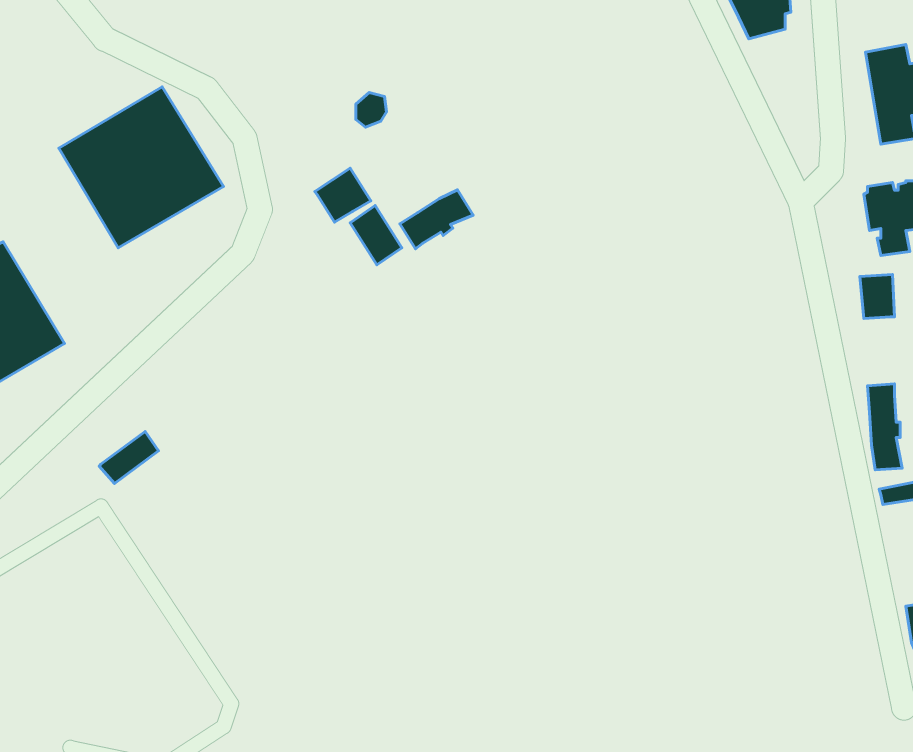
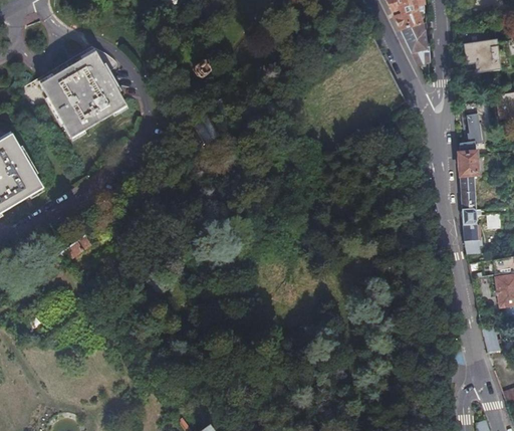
building: none -> [401,21,430,64]
building: [315,168,371,222] -> none
building: [400,190,473,249] -> none
building: none -> [461,173,477,209]

